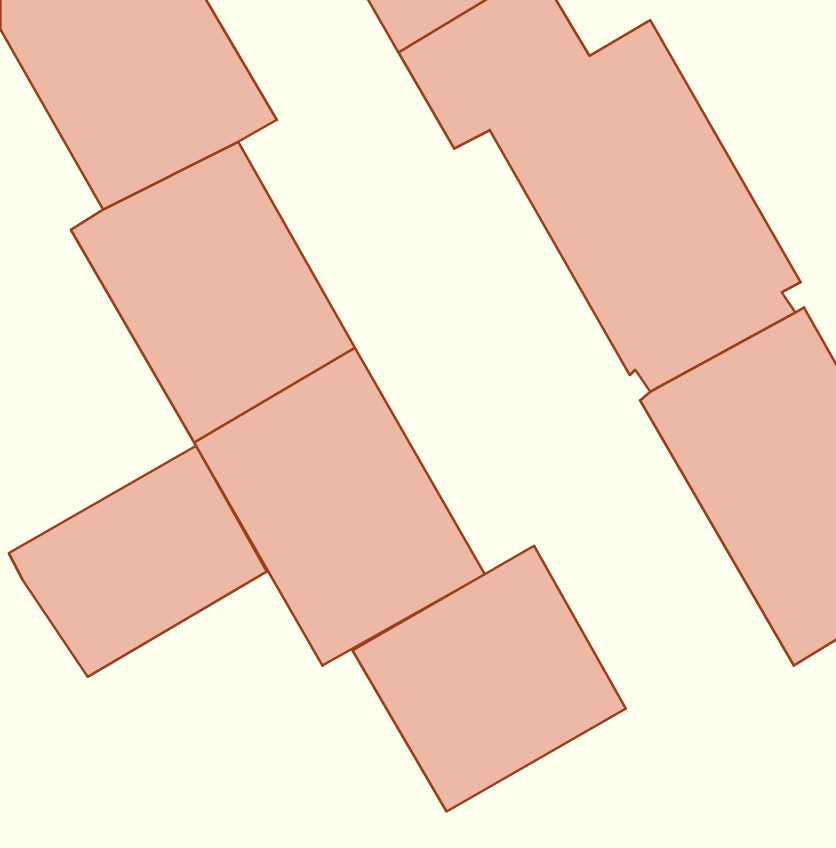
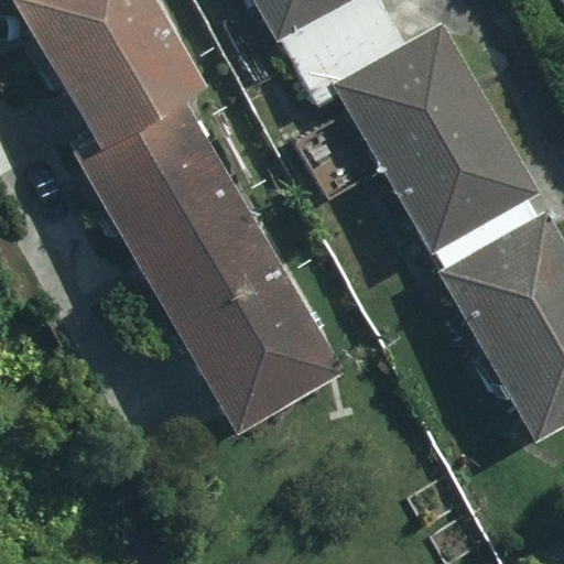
building: [9,446,267,677] -> none
building: [352,546,626,811] -> none

